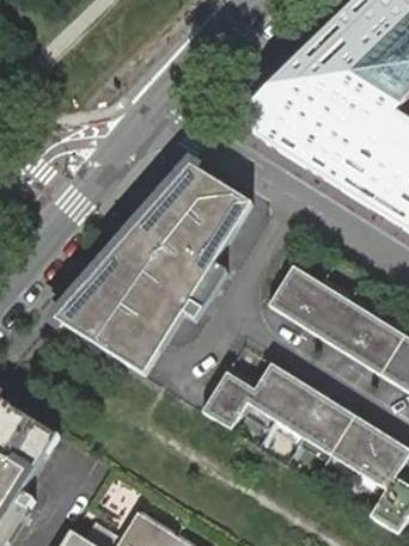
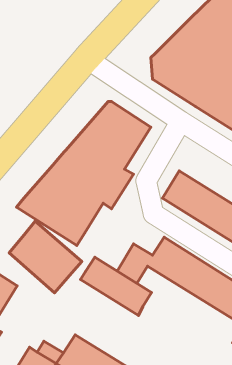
building: none -> [9,221,82,293]
building: none -> [80,257,151,315]

